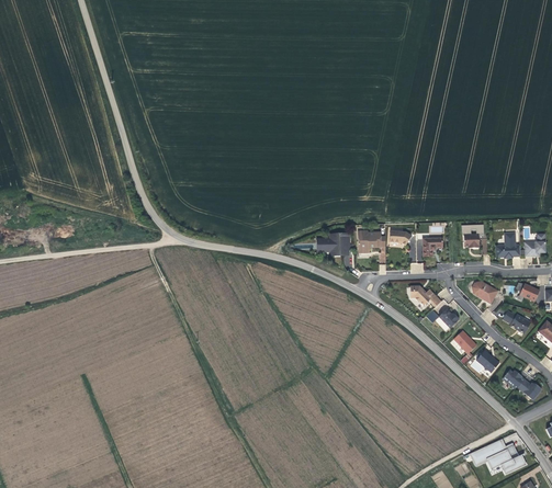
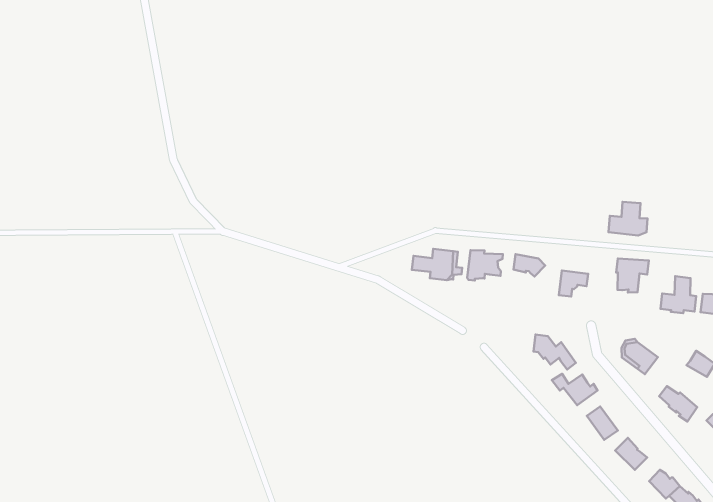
building: none -> [609,202,647,235]

